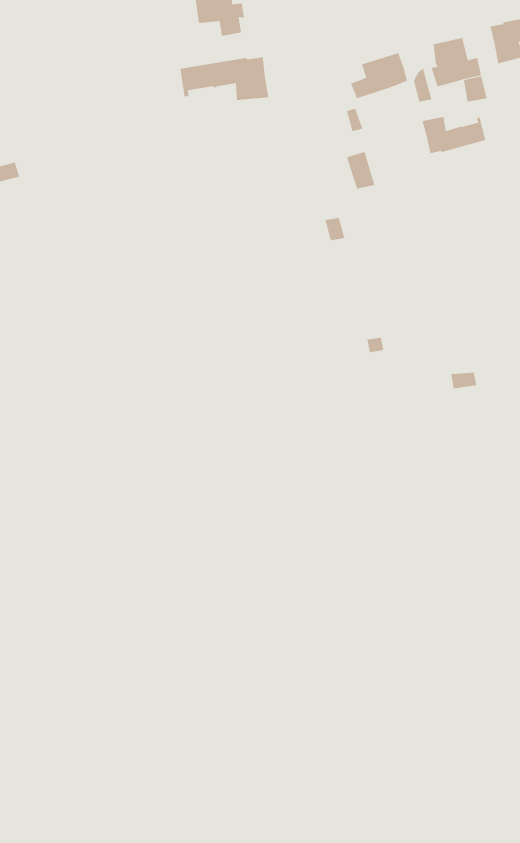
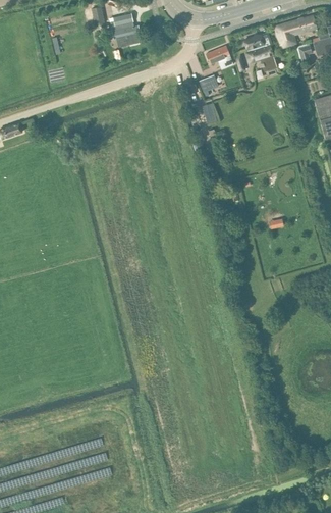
building: [180,57,269,101] -> none
building: [422,116,486,154] -> none

